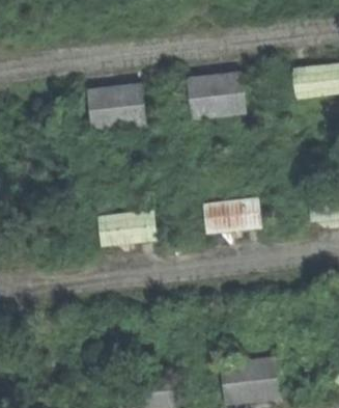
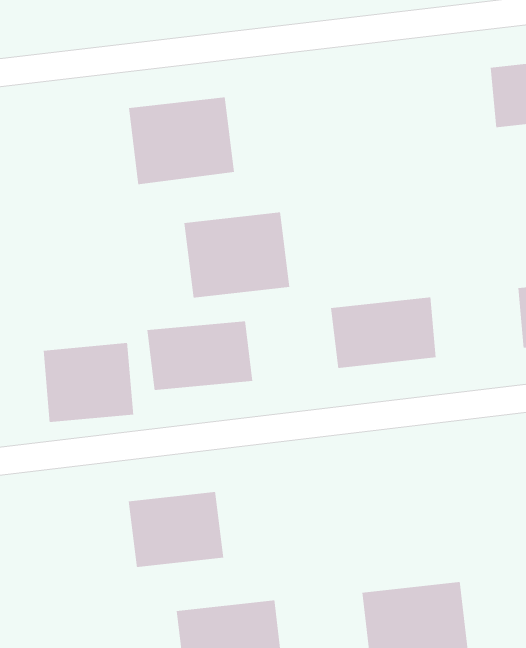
building: [189,73,249,121] -> [184,212,290,298]
building: none -> [43,342,134,423]
building: none -> [128,491,224,568]

